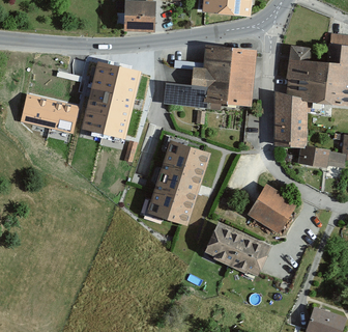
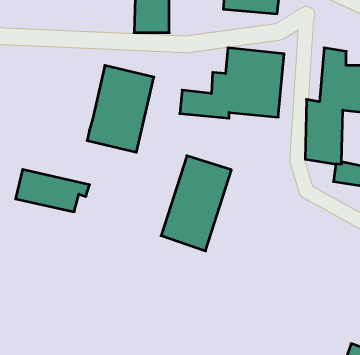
building: [21,93,86,131] -> [16,169,90,212]
building: [248,184,295,231] -> none
building: [204,221,269,274] -> none

